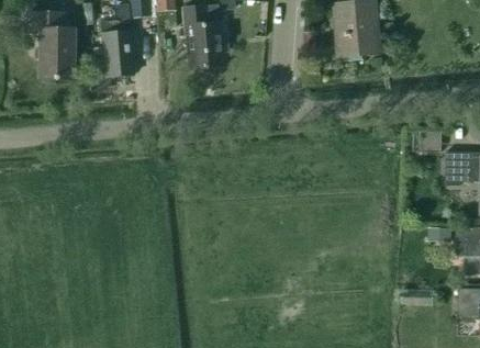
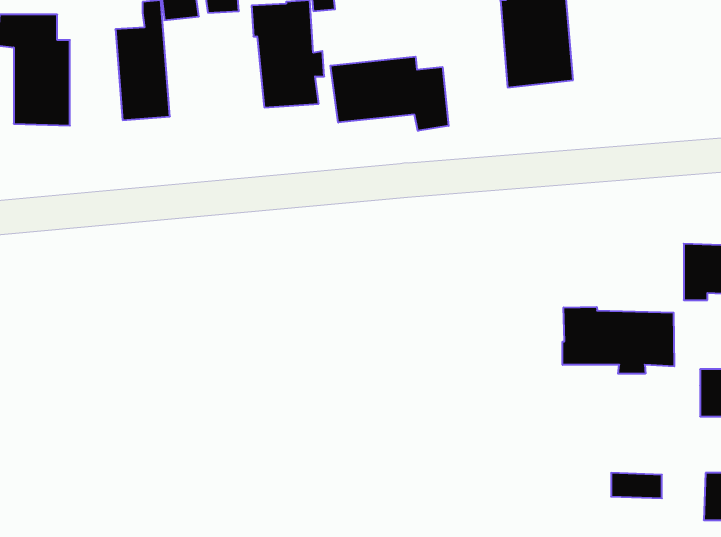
building: none -> [330,57,449,131]
building: none -> [563,307,674,374]

